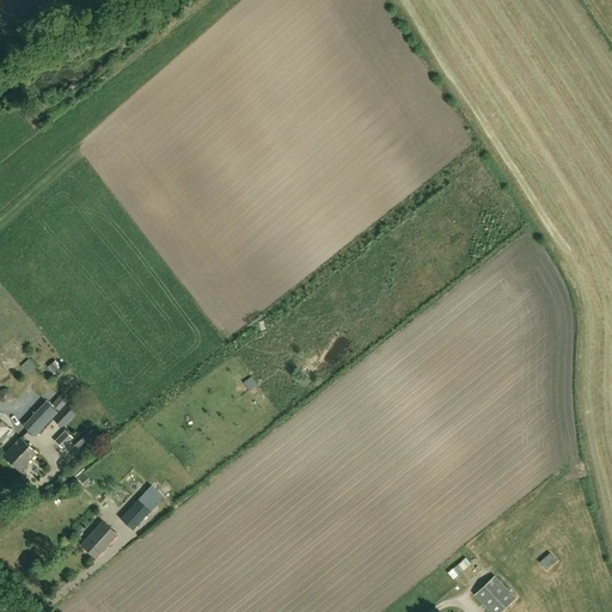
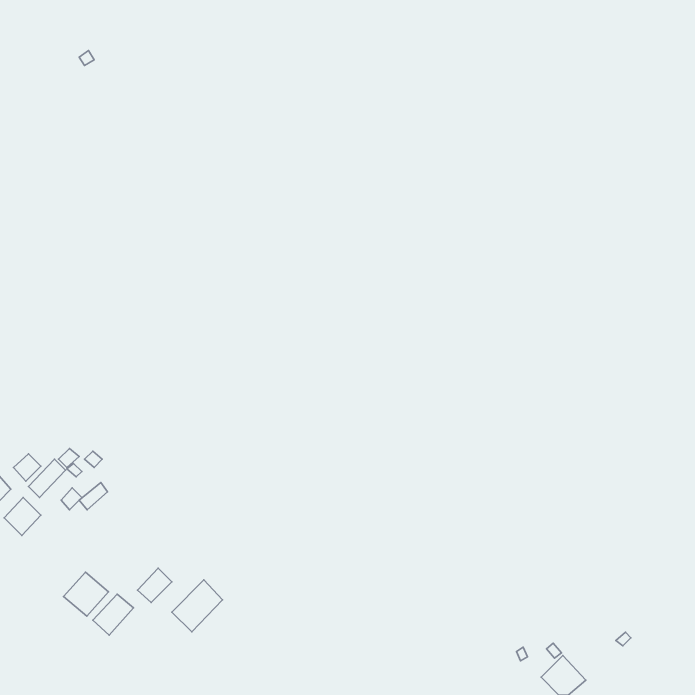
building: none -> [64,572,109,616]
building: none -> [172,580,222,632]

